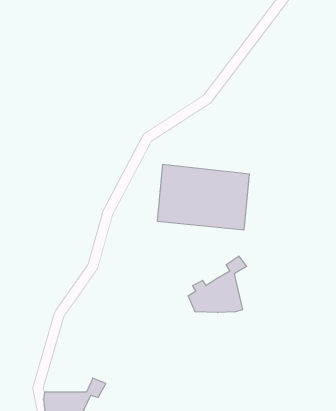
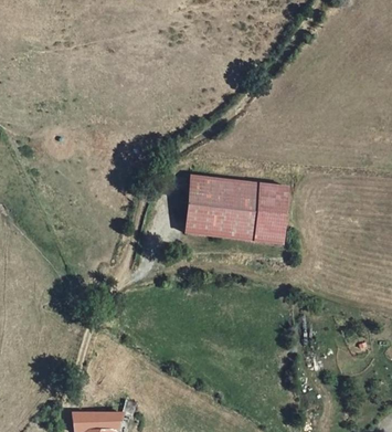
building: [188,256,247,313] -> none

